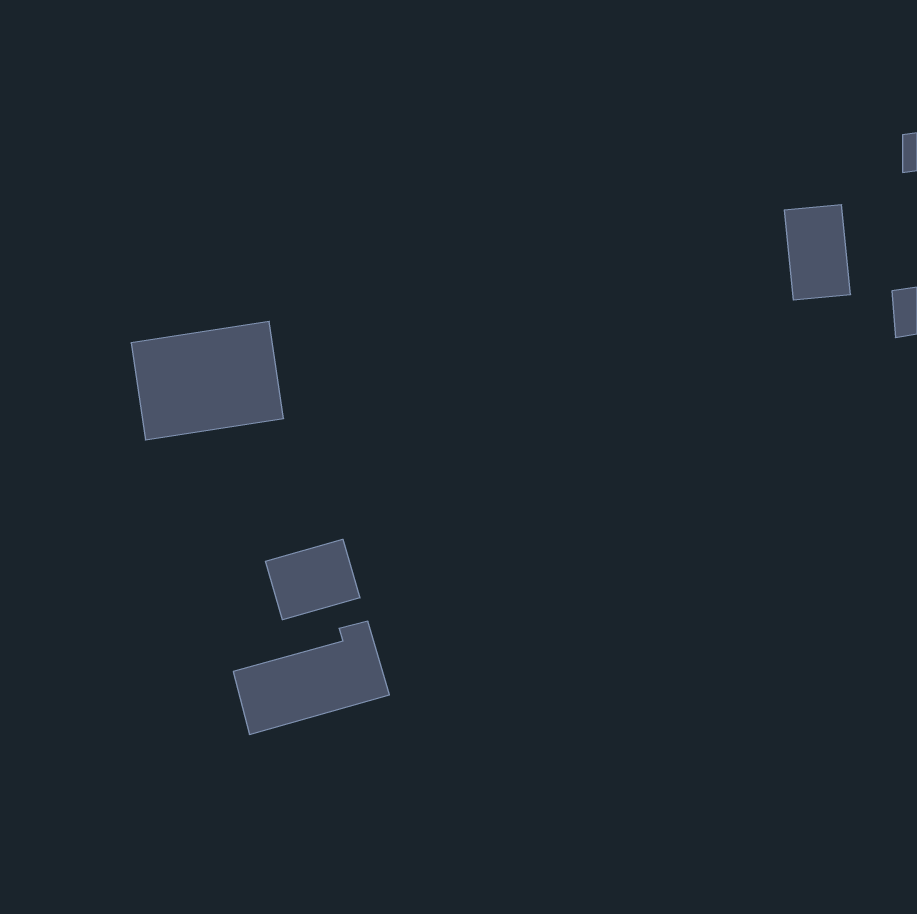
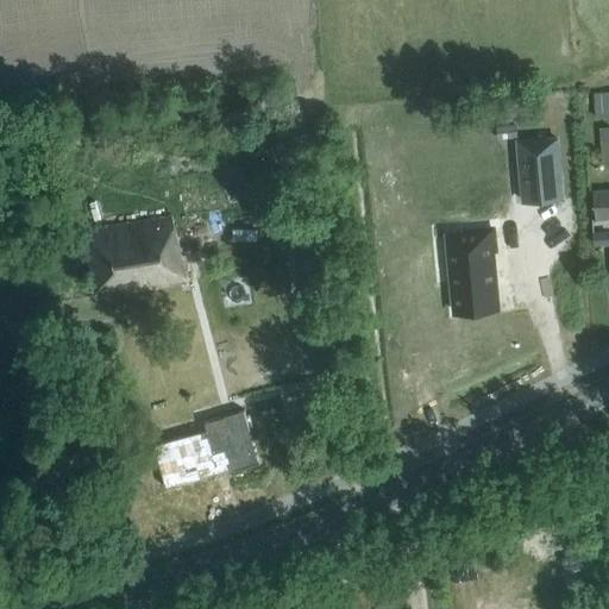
building: none -> [447,231,497,314]
building: [266,539,360,620] -> none

